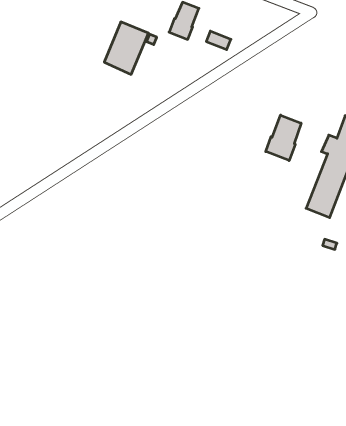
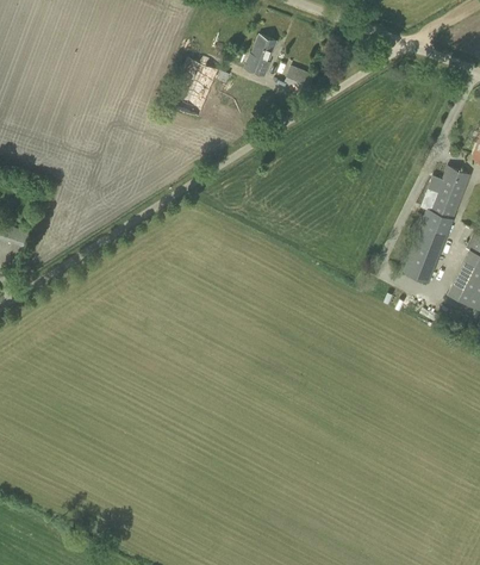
building: [266,115,301,161] -> none

